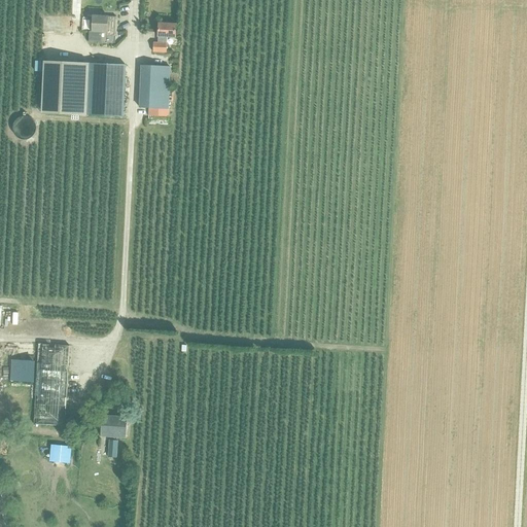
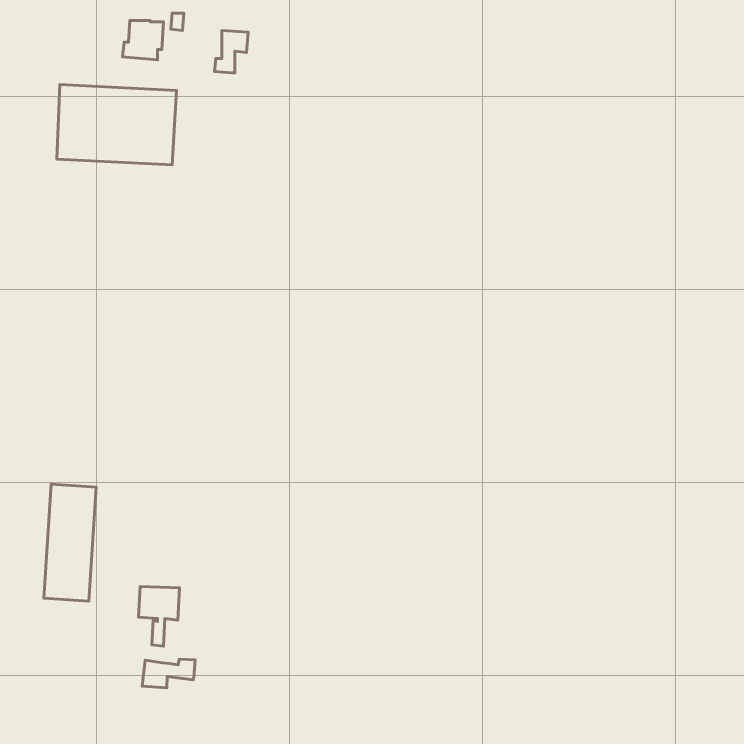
building: [138,65,169,115] -> none
building: [8,358,31,381] -> none
building: none -> [142,659,195,688]

